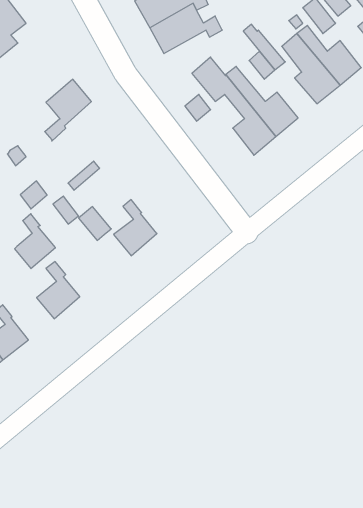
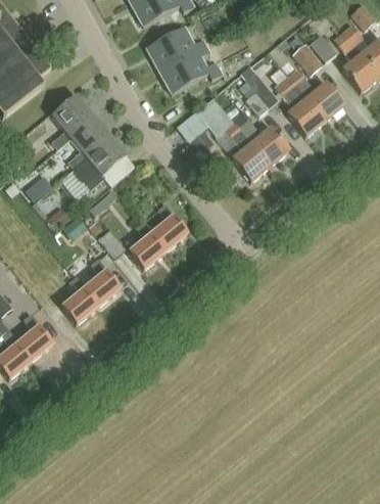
building: none -> [50,95,92,149]
building: none -> [84,135,127,189]
building: none -> [151,203,187,250]
building: [15,214,55,269] -> [84,258,120,306]

